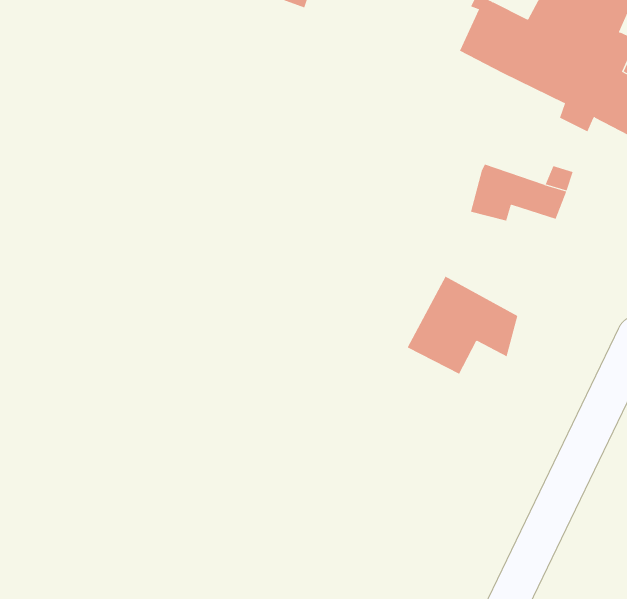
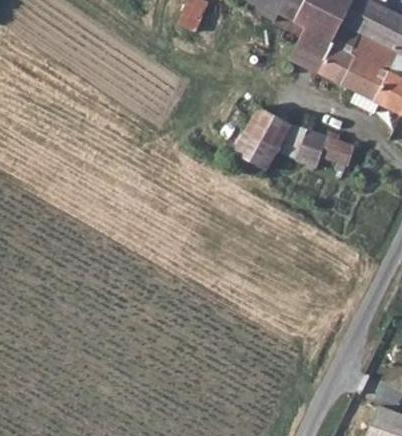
building: [407,276,518,375] -> [236,108,306,170]

